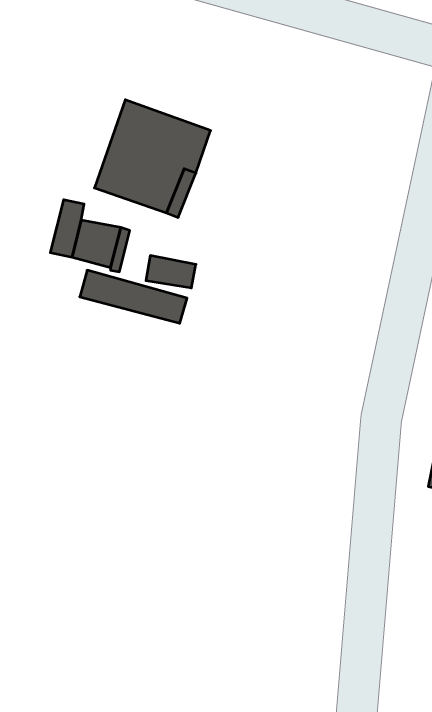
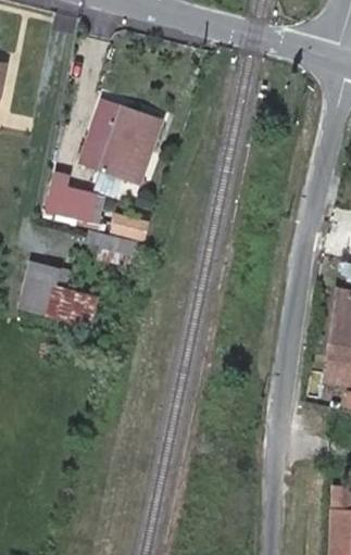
building: none -> [18,263,96,325]

